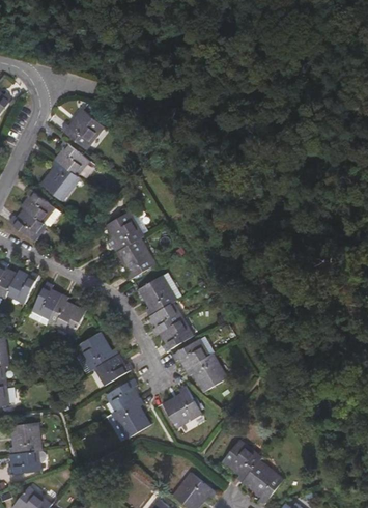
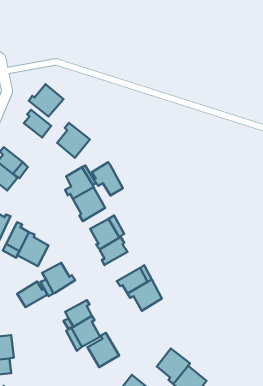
building: [40,158,81,201] -> [57,123,90,158]
building: none -> [92,162,123,195]
building: [159,318,194,351] -> none
building: [94,354,132,386] -> [17,282,47,307]
building: [162,386,201,428] -> [87,333,119,367]

